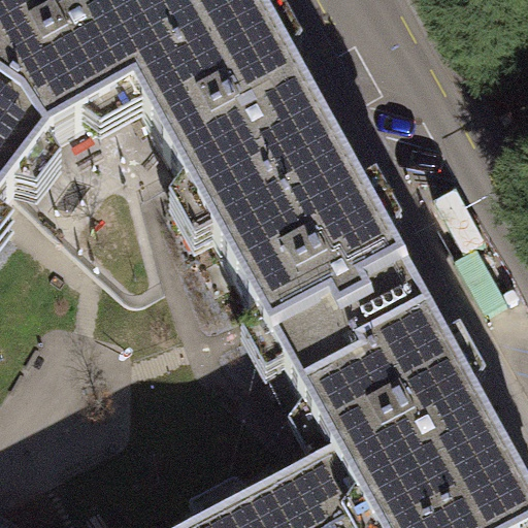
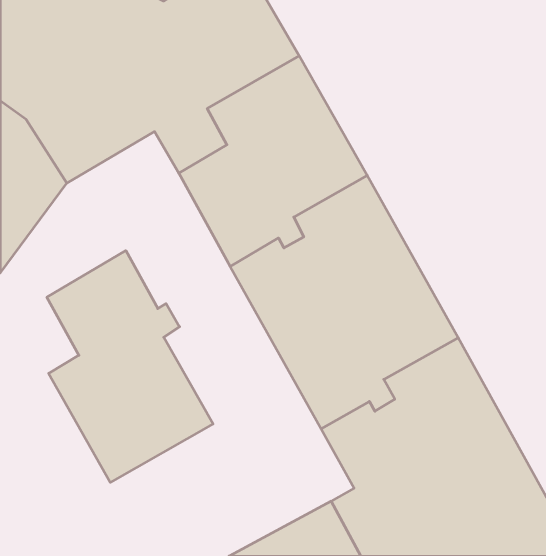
building: none -> [47,251,213,482]

